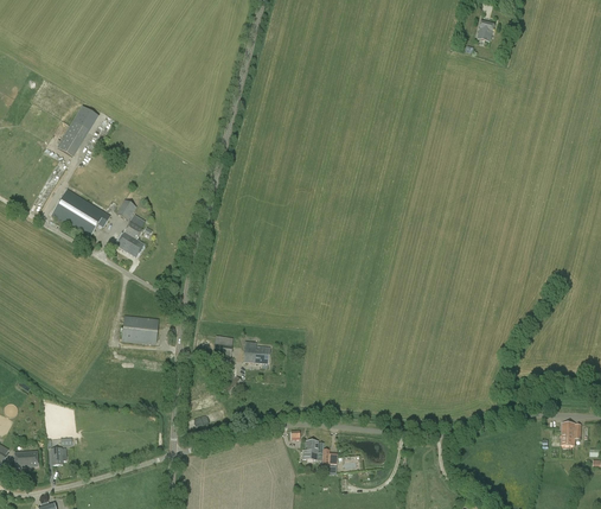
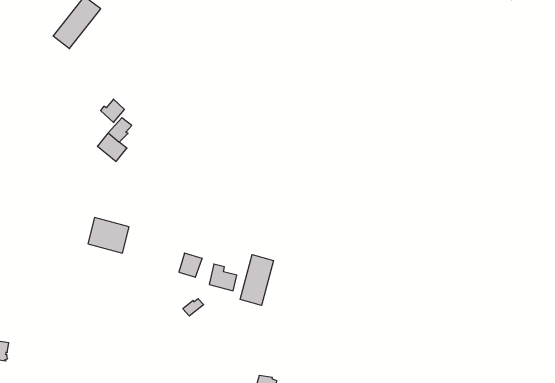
building: [51,189,110,238] -> none
building: none -> [240,255,273,305]

